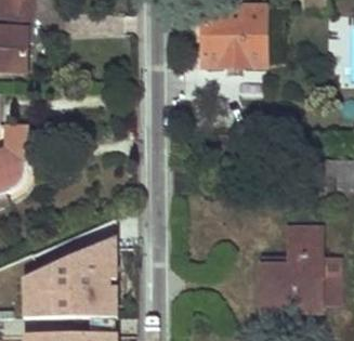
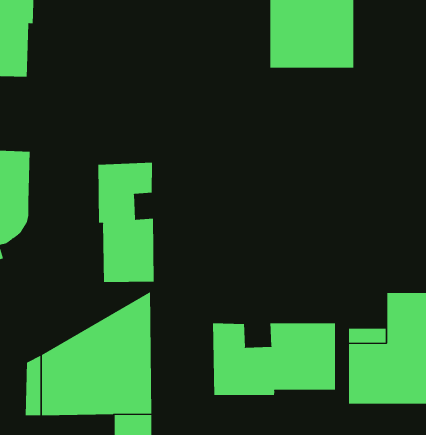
building: none -> [98,162,154,283]
building: none -> [212,322,336,396]

